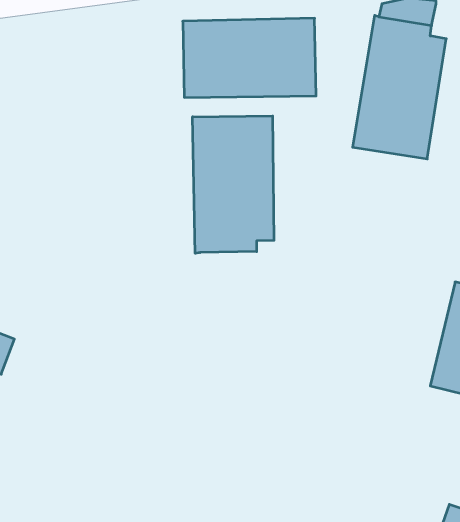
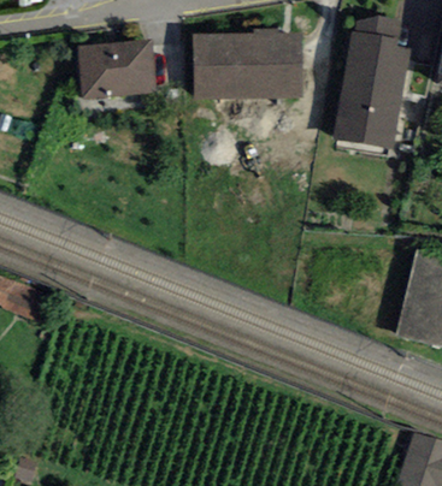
building: none -> [76,40,155,99]
building: [193,116,274,253] -> none

